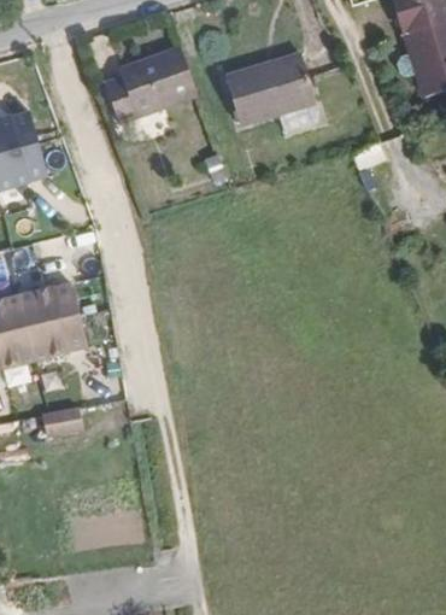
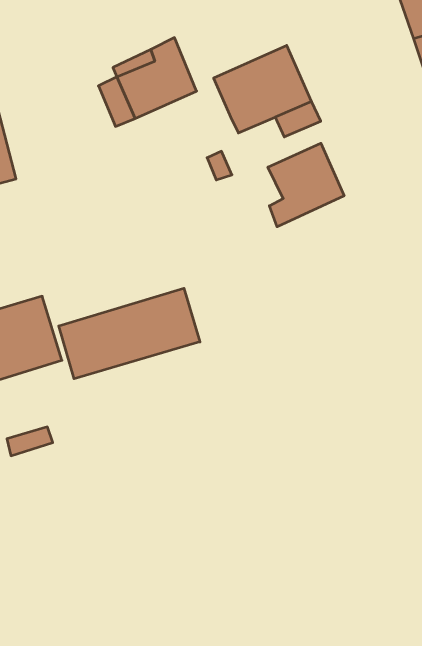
building: none -> [268,143,344,227]
building: none -> [59,288,200,379]

